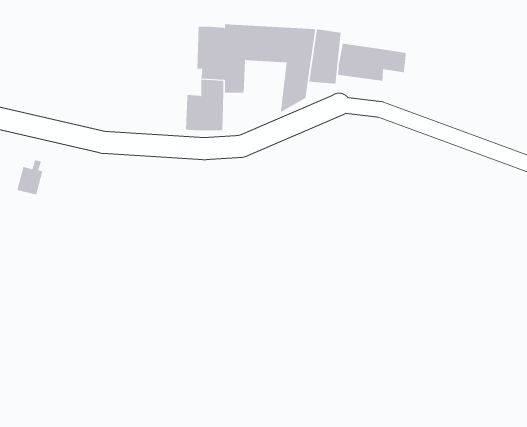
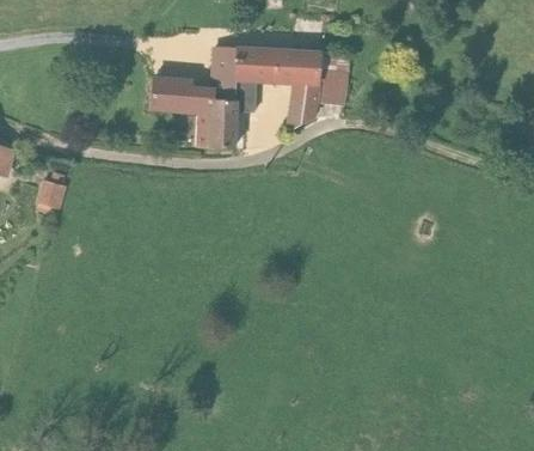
building: [338,43,407,82] -> none
building: none -> [148,78,214,115]

